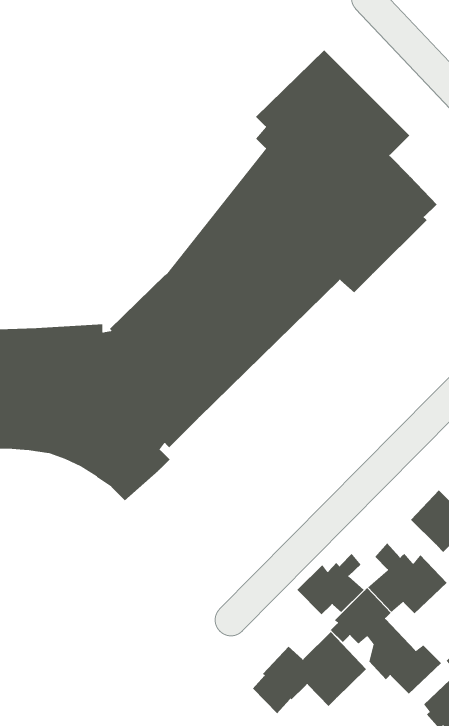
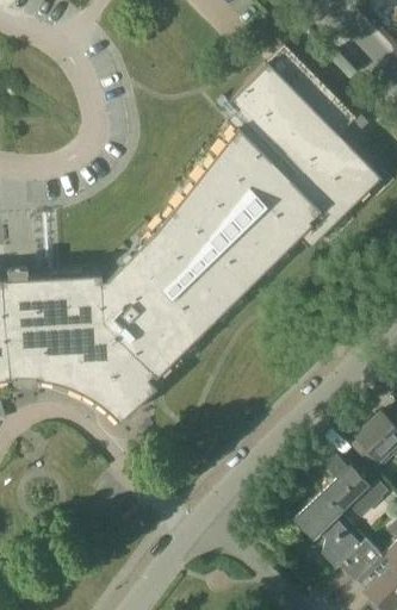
building: [296,553,365,615] -> none
building: [252,631,367,714] -> none

